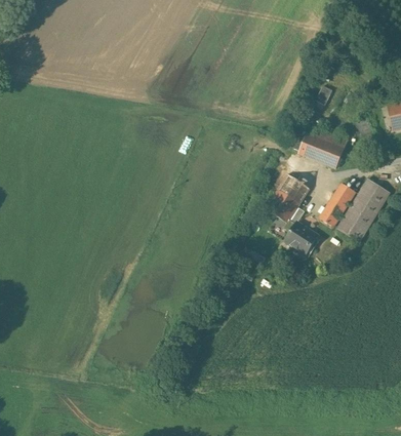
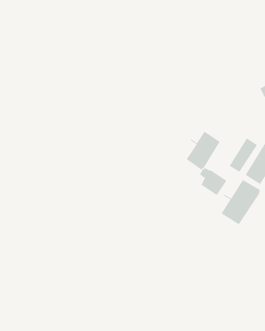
building: [291,126,348,167] -> none
building: none -> [221,179,260,225]

